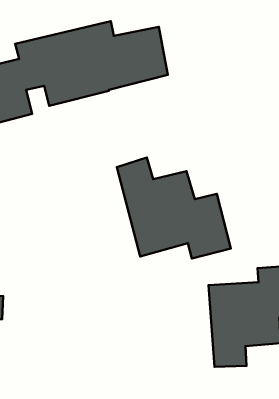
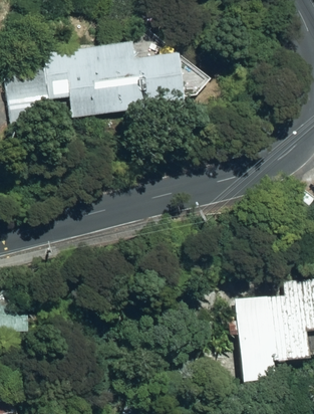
building: [117,158,231,259] -> none

